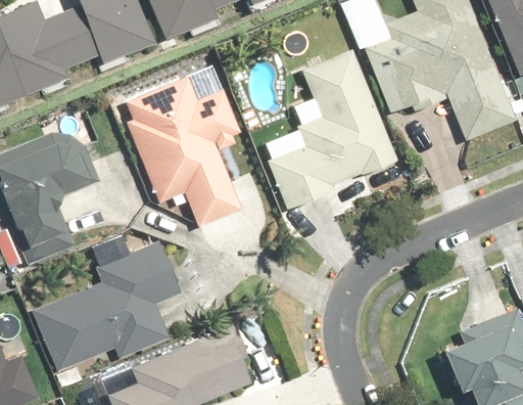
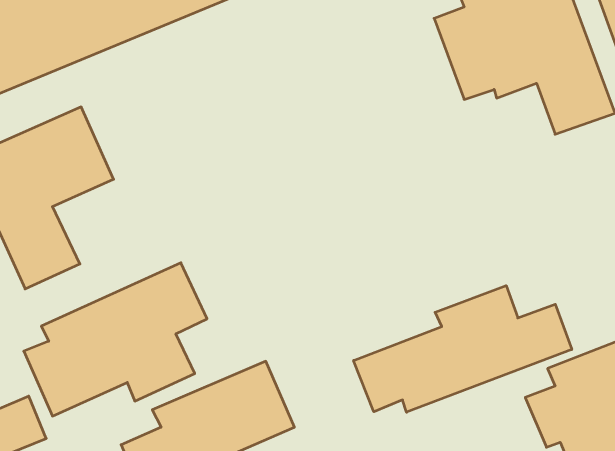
building: [268,47,396,206] -> none
building: [118,72,244,227] -> none
building: none -> [354,286,572,412]

